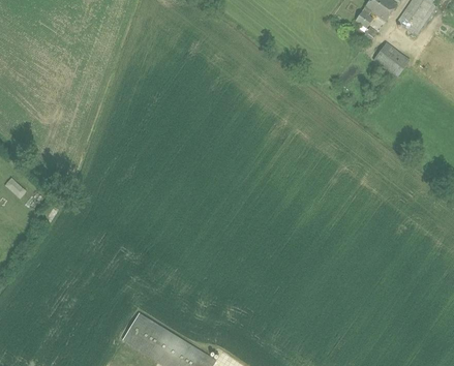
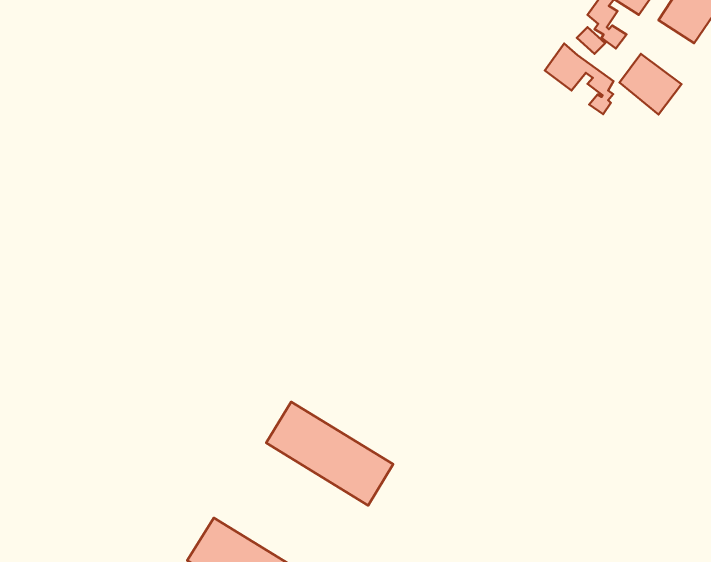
building: none -> [545,44,614,114]
building: none -> [266,402,393,506]

